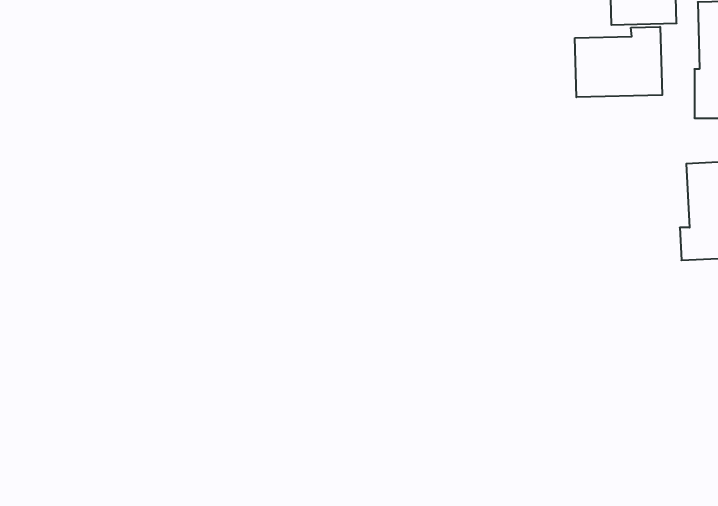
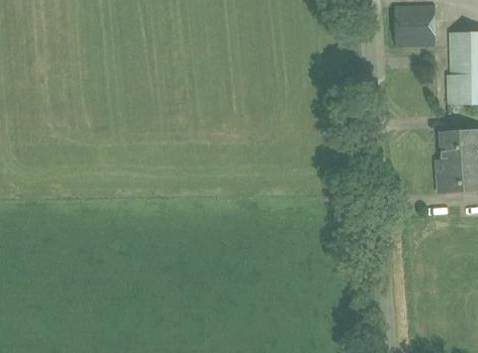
building: [575,27,662,97] -> none

